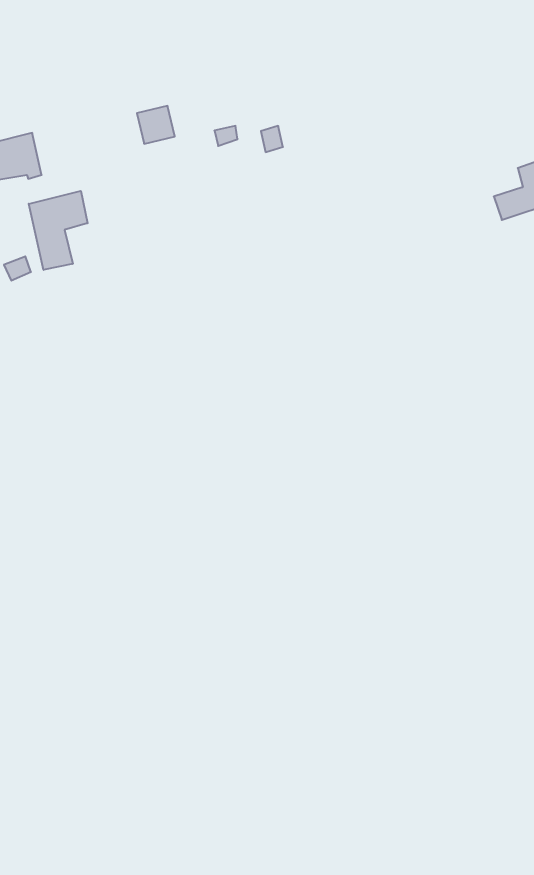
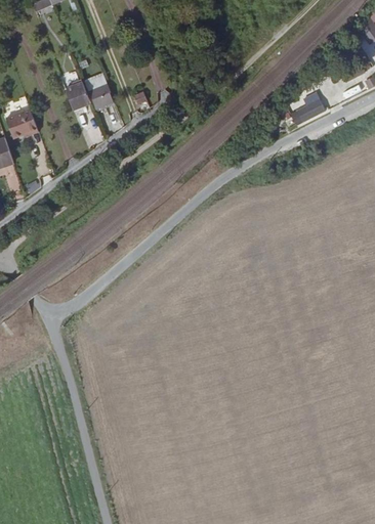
building: none -> [66,82,89,108]
building: [29,191,88,270] -> none

